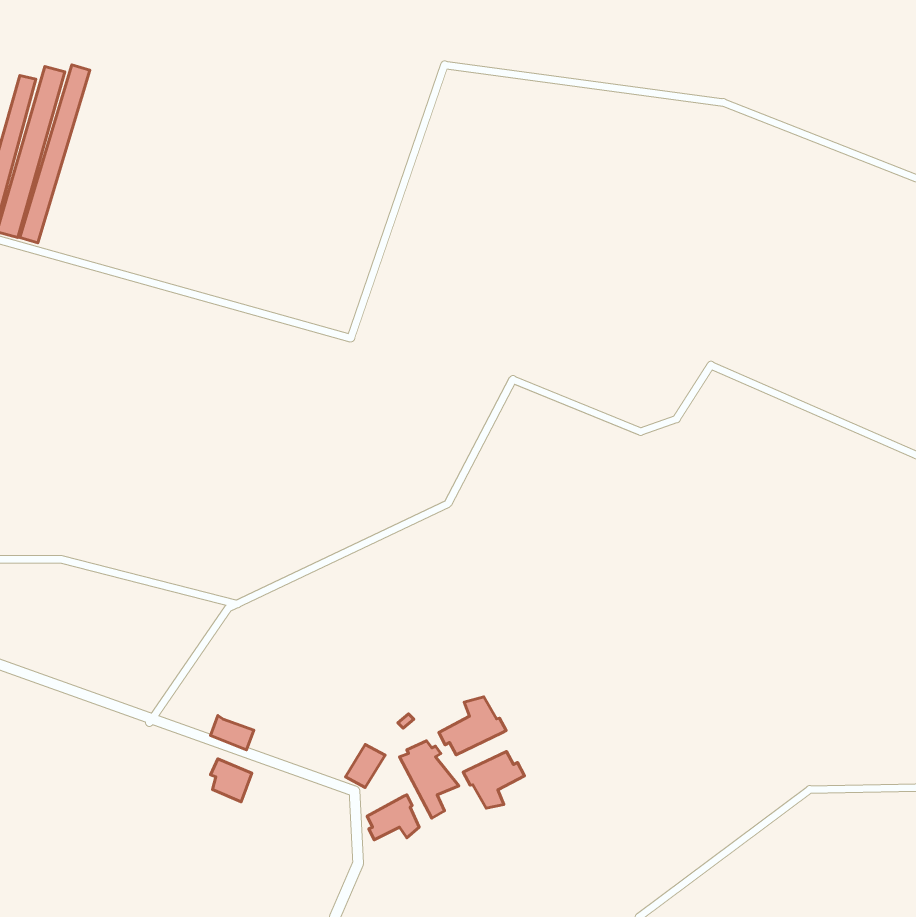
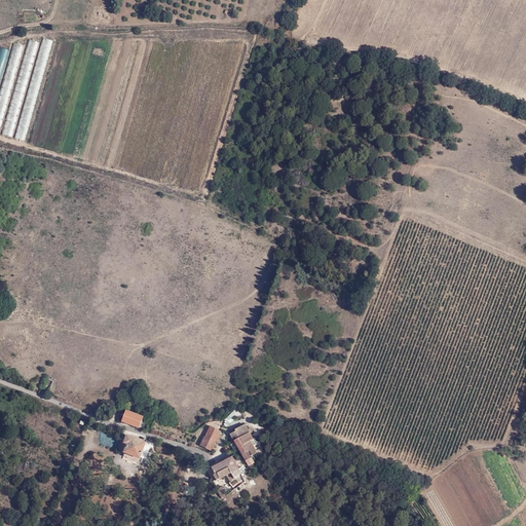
building: [439,697,506,755] -> none
building: [463,751,524,808] -> none

